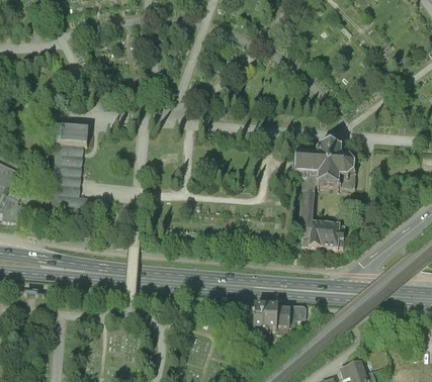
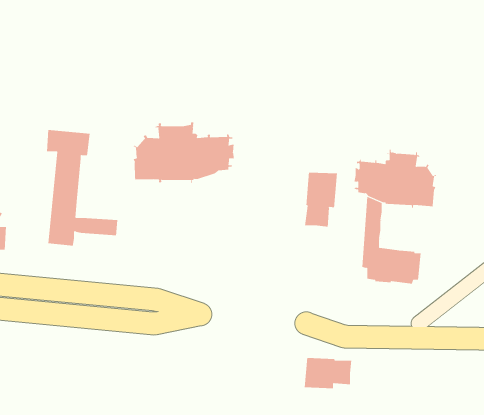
building: none -> [132,122,234,184]
building: none -> [305,172,337,228]

